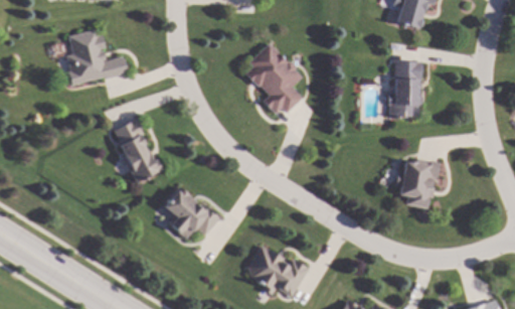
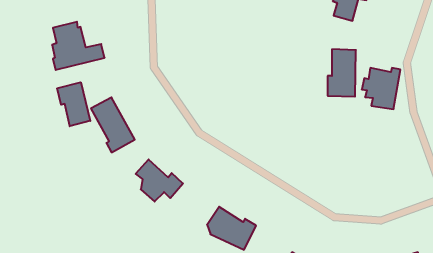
building: [245,41,303,114] -> none
building: none -> [57,82,90,126]
building: [393,160,439,208] -> [362,68,400,109]

